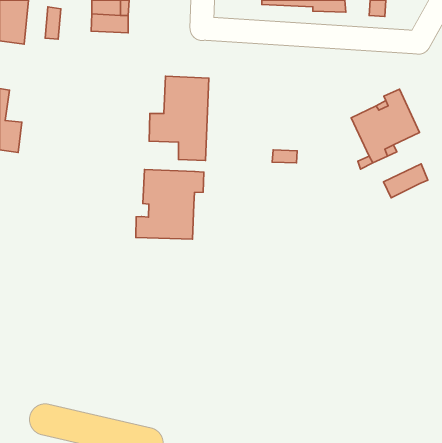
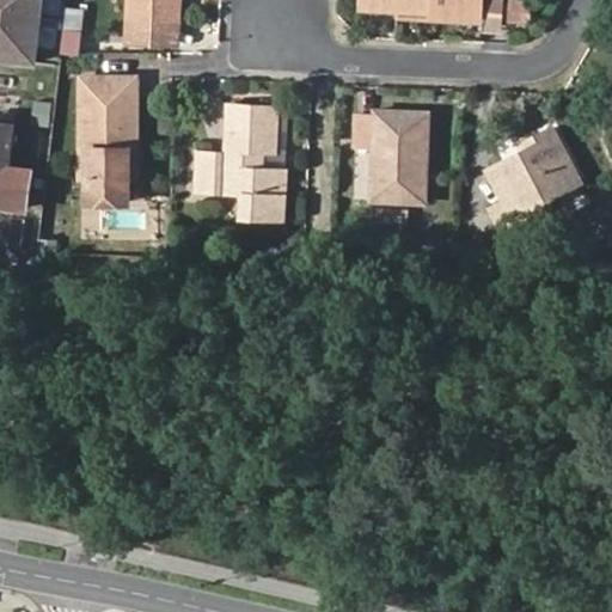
building: none -> [80,75,134,204]
building: none -> [356,112,427,204]
building: [383,164,428,198] -> none
building: [136,169,204,239] -> none

